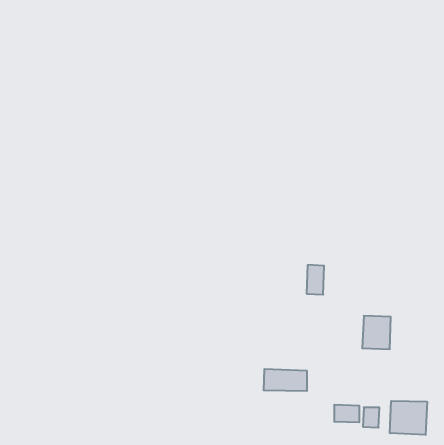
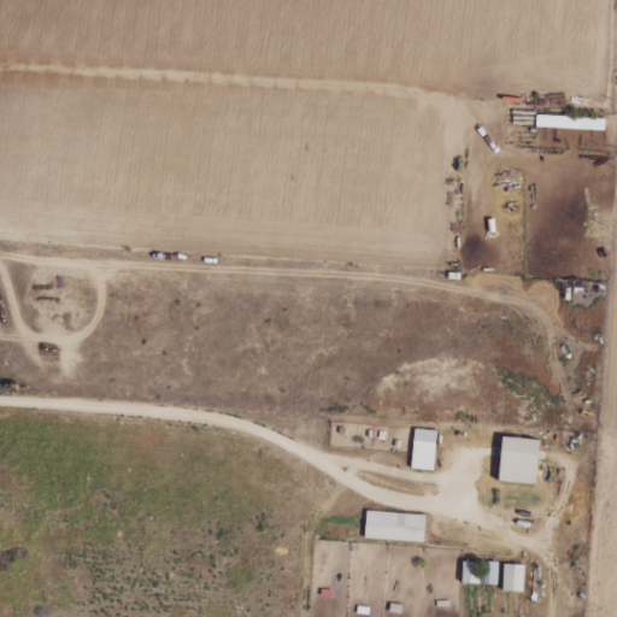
building: [307,265,324,295] -> [411,428,435,469]
building: [390,401,427,435] -> none

